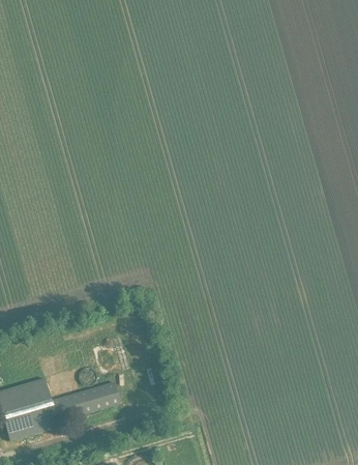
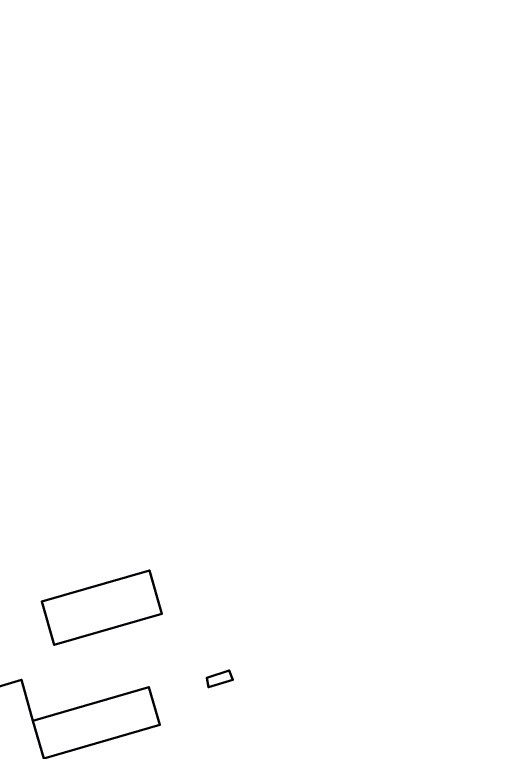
building: none -> [42,570,162,645]

